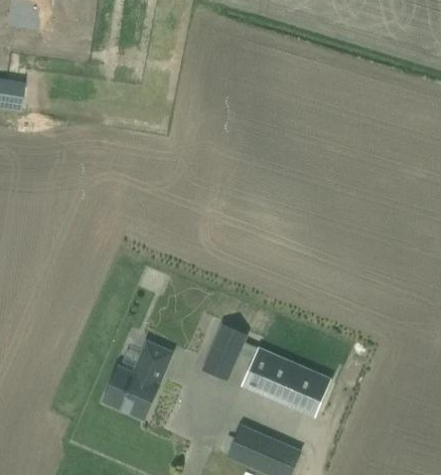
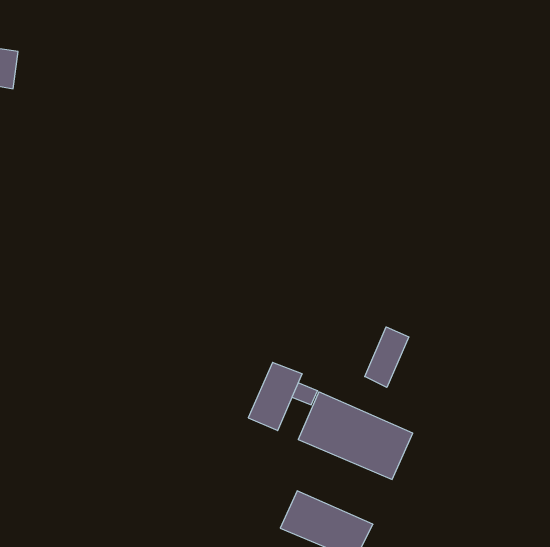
building: none -> [365,327,409,387]
building: [103,342,171,418] -> none

